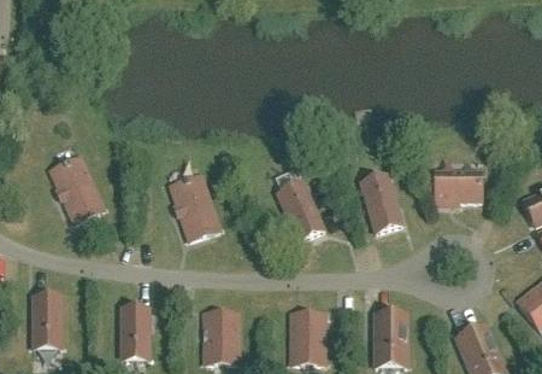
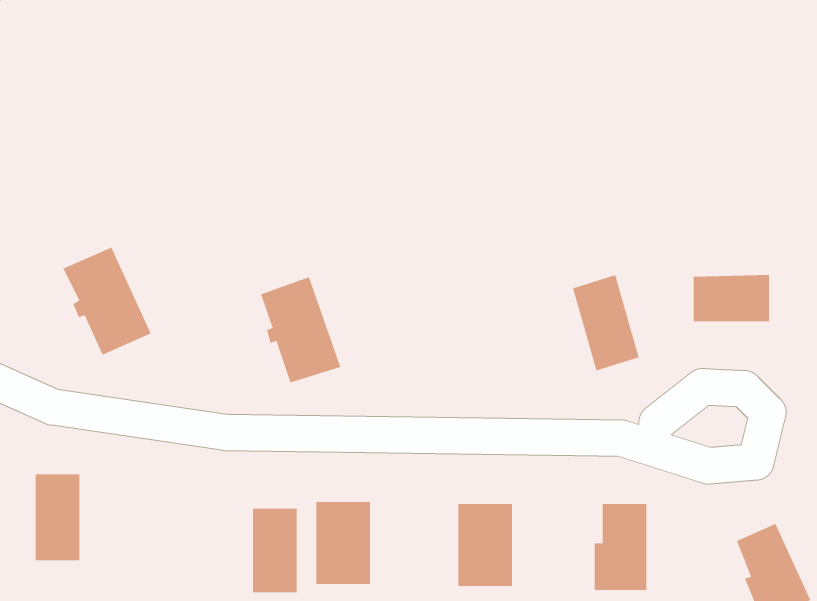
building: [277,181,323,240] -> none
building: [120,306,148,358] -> [252,508,298,593]

